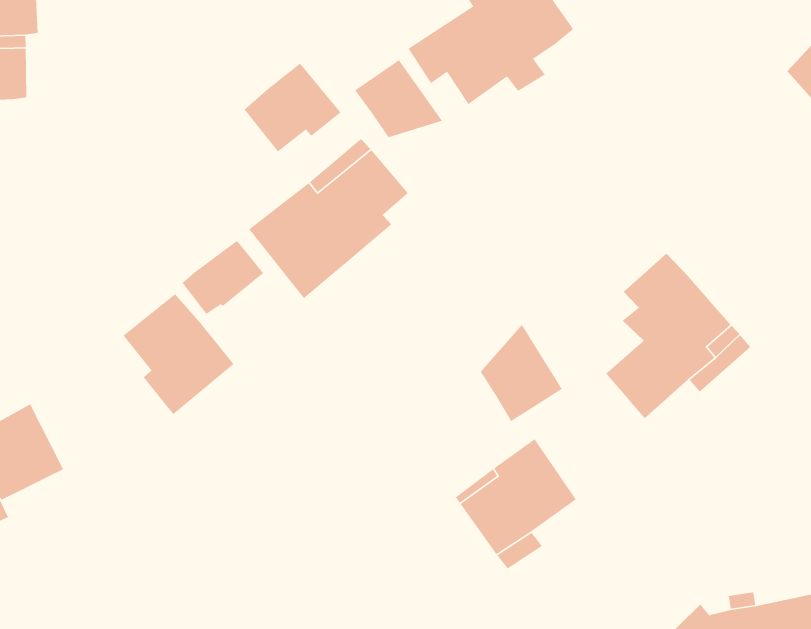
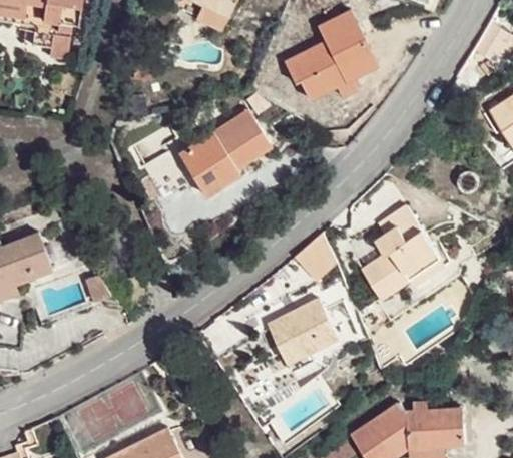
building: [354,59,443,138] -> none
building: [244,62,342,153] -> none
building: [122,293,234,415] -> none

